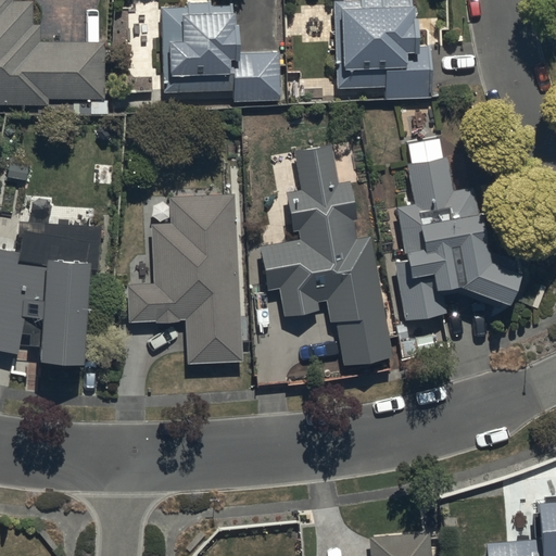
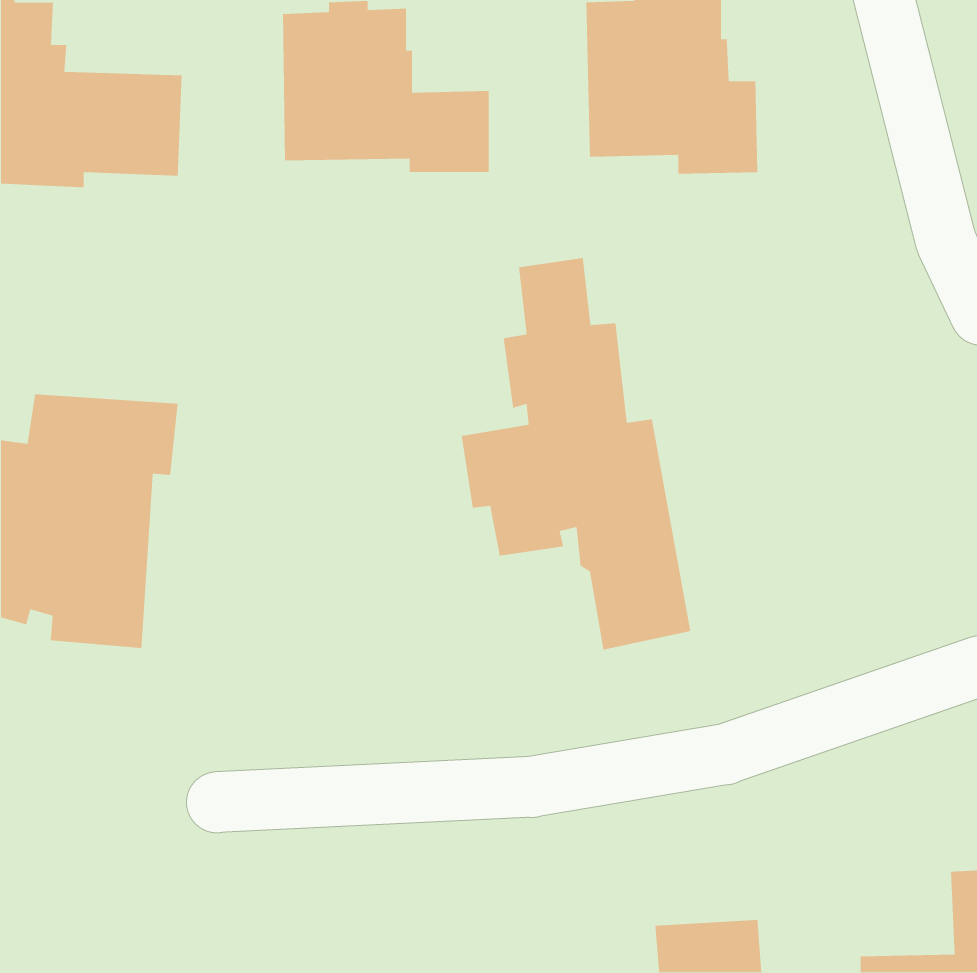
building: [393,159,518,321] -> none
building: [127,194,241,366] -> none

